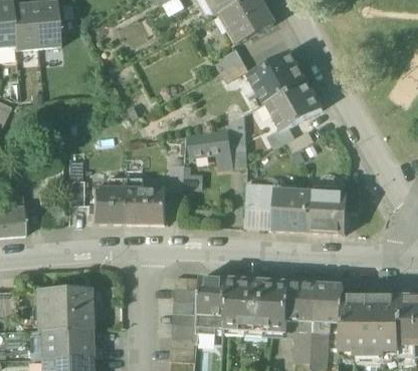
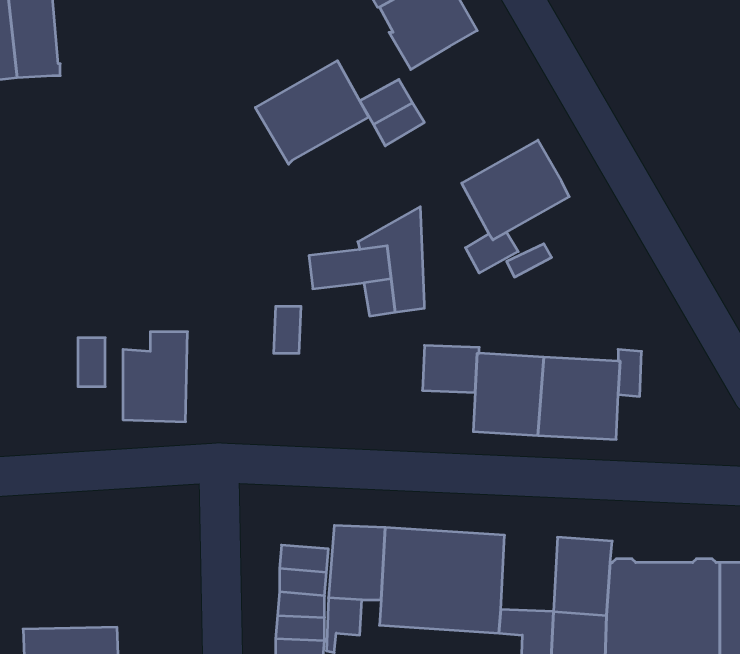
building: [247,50,305,103] -> [255,61,369,164]
building: [125,177,165,224] -> none
building: [245,208,273,229] -> none
building: [286,282,316,321] -> none
building: [37,289,89,330] -> none

